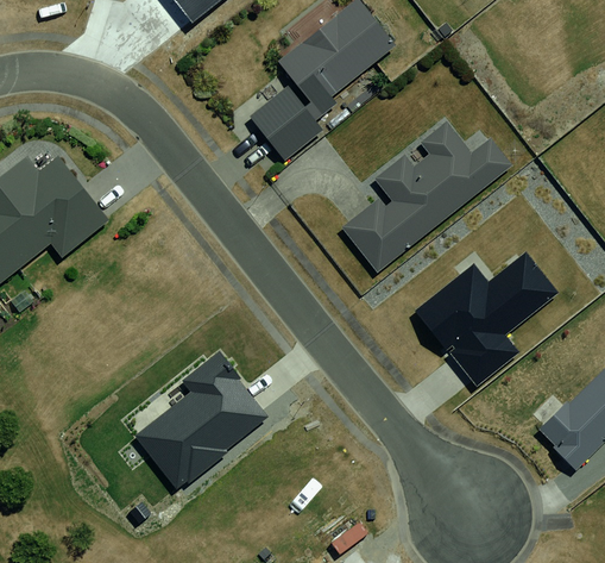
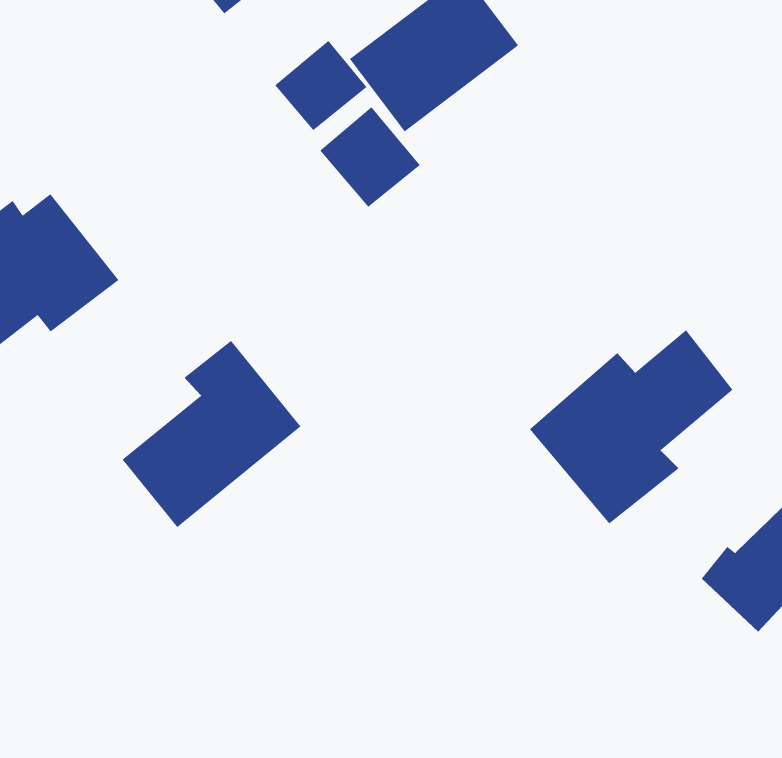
building: none -> [274,40,367,131]
building: [339,125,512,271] -> none
building: [137,356,267,493] -> [121,340,302,528]

